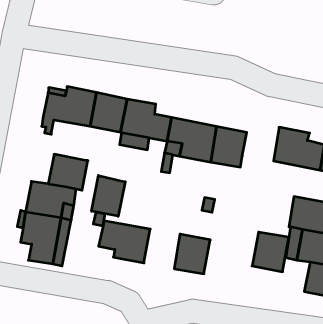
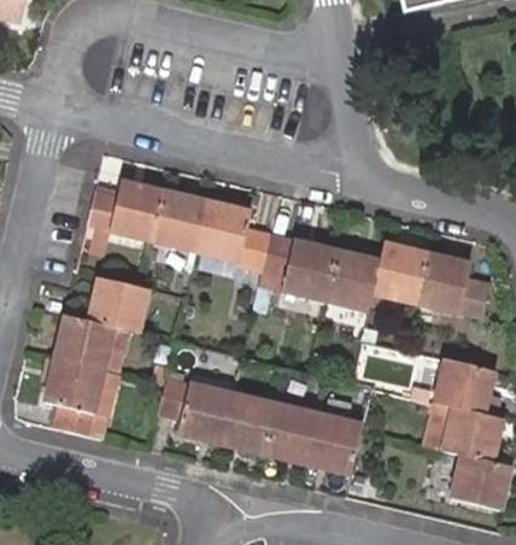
building: none -> [371,245,427,304]
building: [92,175,125,216] -> none
building: none -> [221,392,275,451]
building: [252,232,289,272] -> [306,412,362,471]

